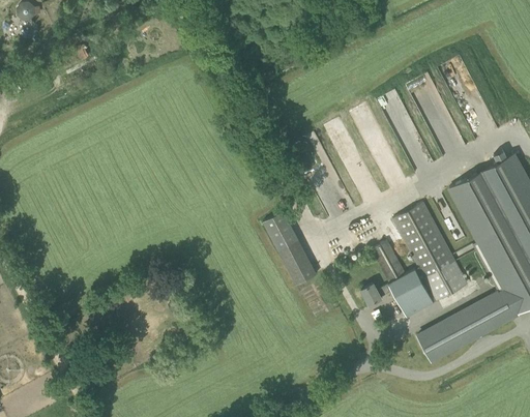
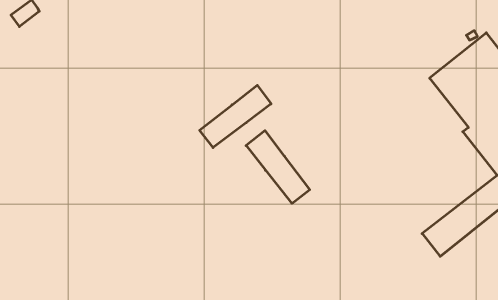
building: none -> [200,85,271,148]
building: [361,203,467,318] -> none

